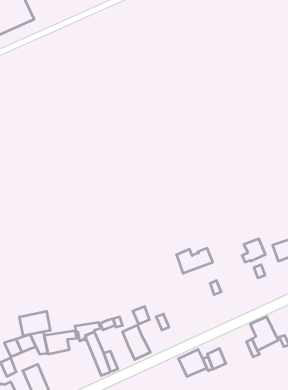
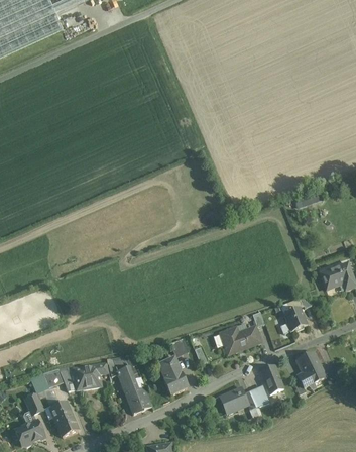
building: [242,239,265,262] -> [281,307,307,332]
building: [176,248,213,273] -> [221,326,260,353]
building: [19,311,50,336] -> none
building: none -> [260,364,283,392]

